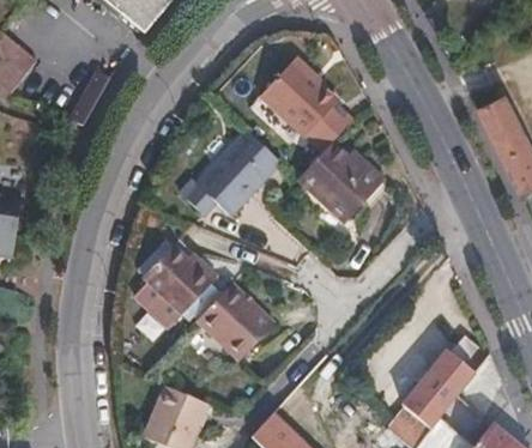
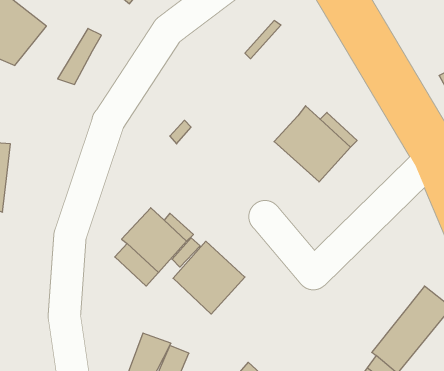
building: [270,62,355,151] -> none
building: [185,131,282,217] -> none

